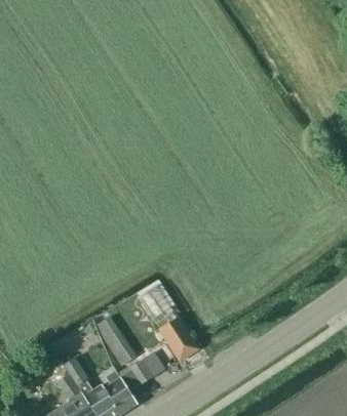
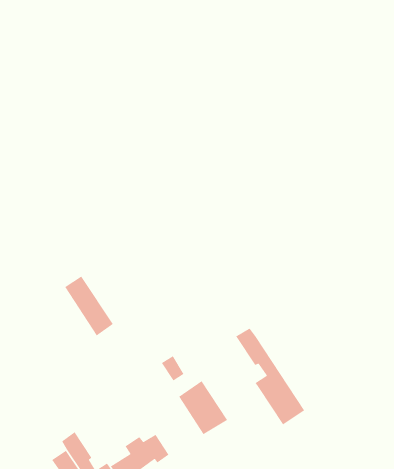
building: none -> [235,327,305,425]
building: [94,311,136,362] -> [64,275,114,336]

